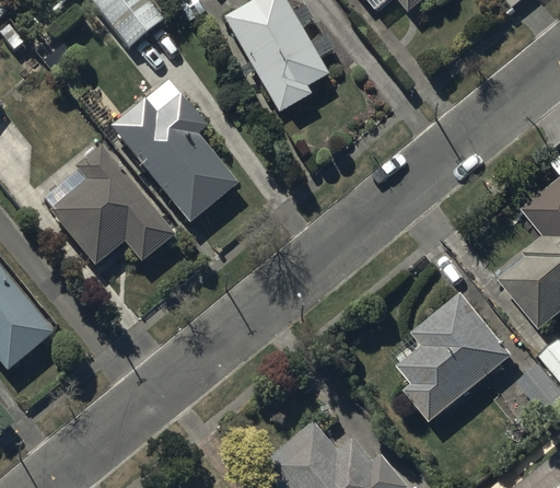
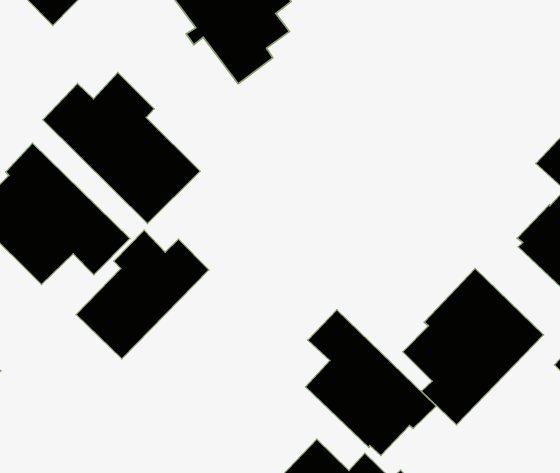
building: none -> [76,230,209,359]
building: none -> [306,310,436,456]

